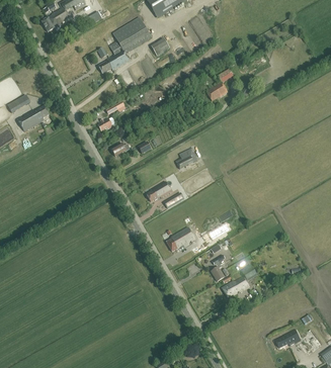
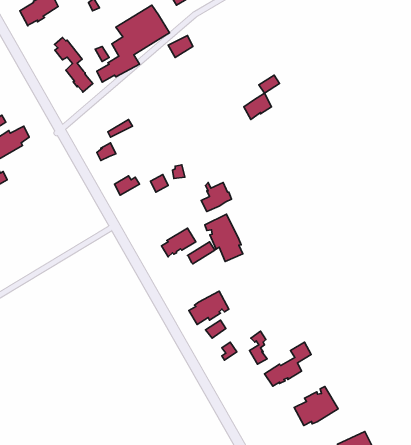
building: none -> [55,37,93,92]
building: none -> [205,214,243,262]
building: none -> [294,387,338,426]

